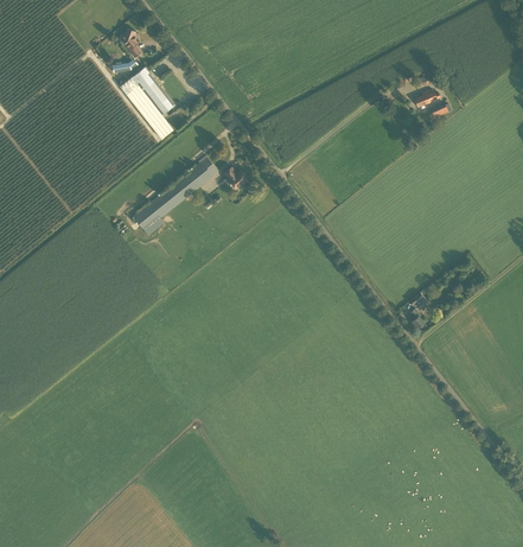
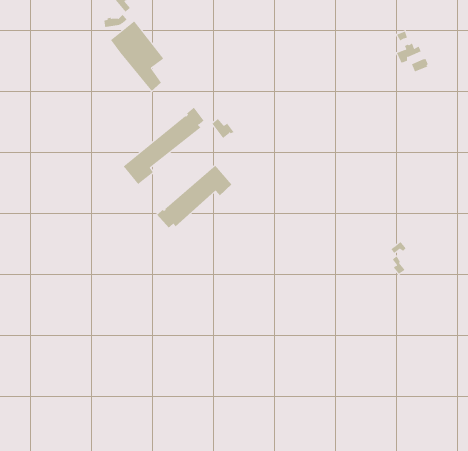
building: none -> [156,165,232,228]

